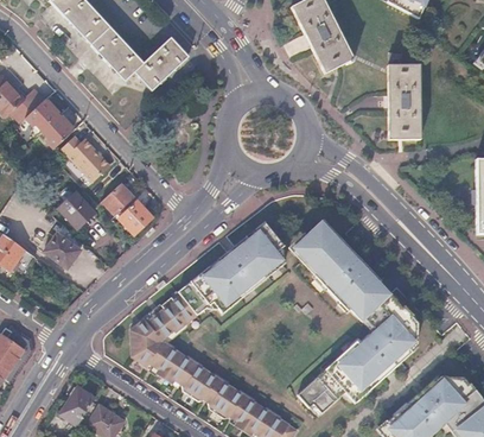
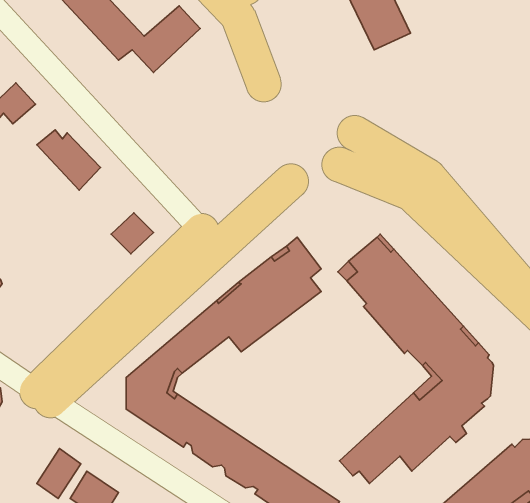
building: [388,64,421,139] -> none
building: [42,115,74,148] -> none
building: [102,183,133,214] -> none
building: [59,190,94,227] -> none
building: [44,223,82,267] -> none

